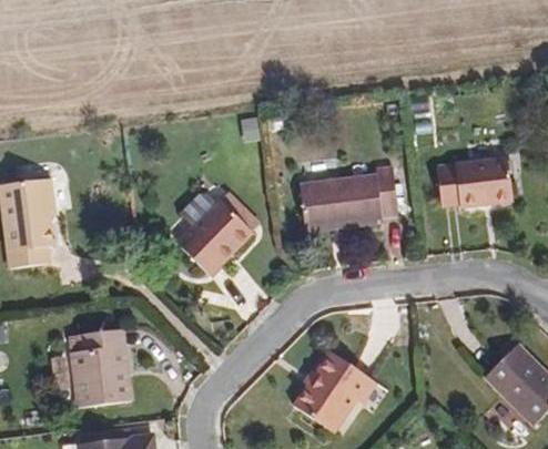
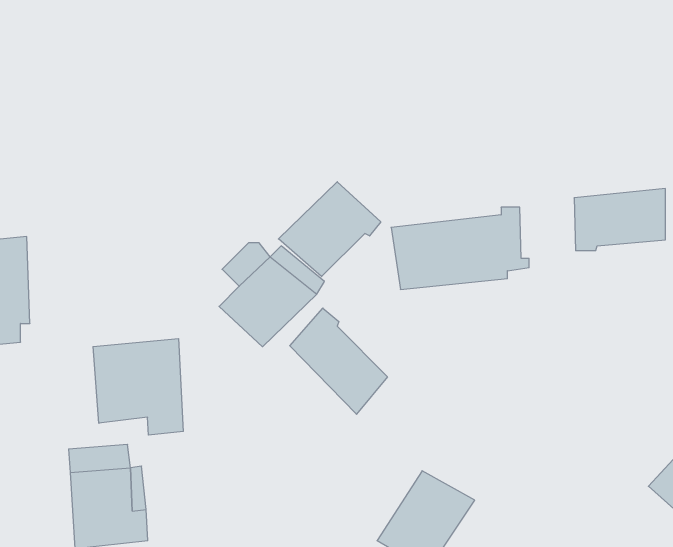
building: none -> [278,182,381,277]
building: none -> [290,308,387,414]
building: none -> [93,339,183,435]

